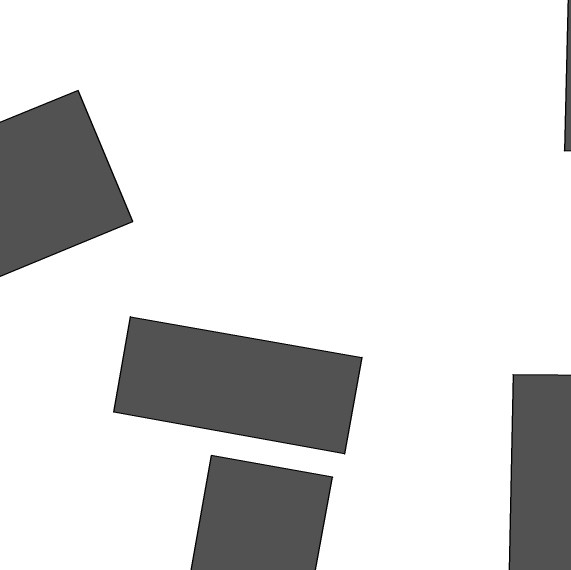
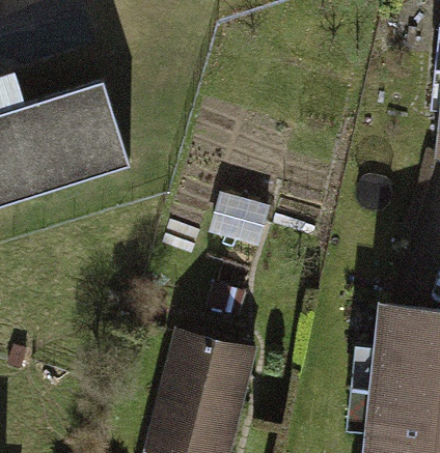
building: [114,317,362,454] -> none

